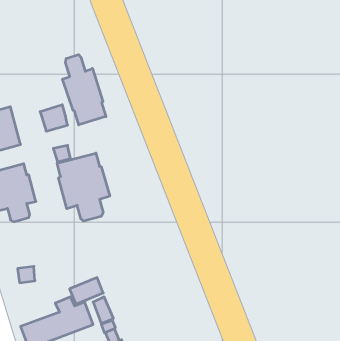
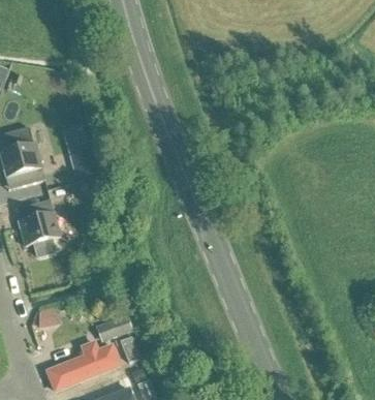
building: [63,55,106,125] -> none
building: [57,153,110,221] -> none

